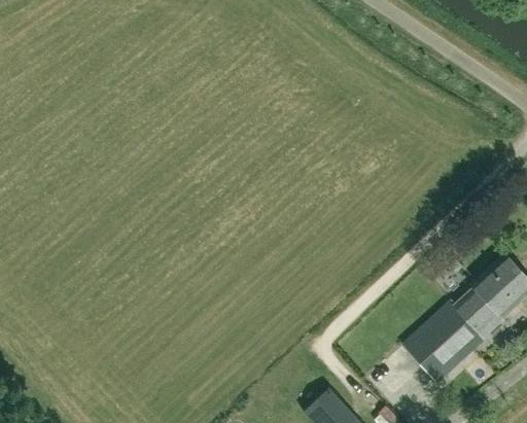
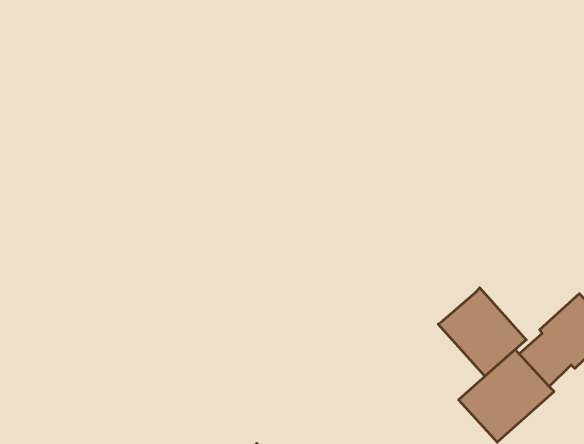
building: none -> [438,288,526,376]

